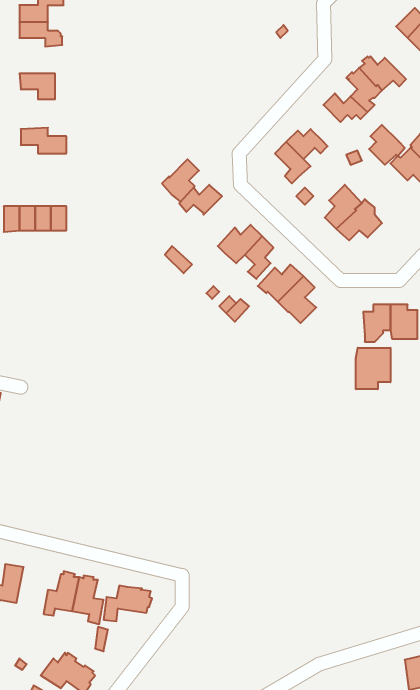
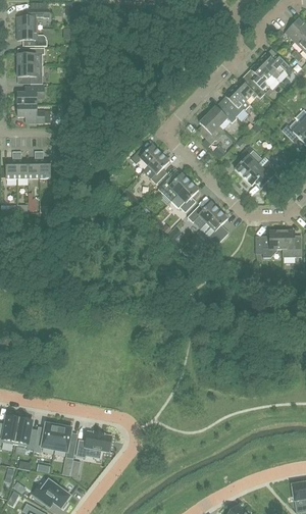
building: none -> [15,47,43,65]
building: none -> [16,86,43,105]
building: [369,125,405,165] -> [223,88,249,116]
building: [162,159,199,202] -> [142,153,168,184]
building: [356,348,390,389] -> none
building: none -> [13,418,35,450]

